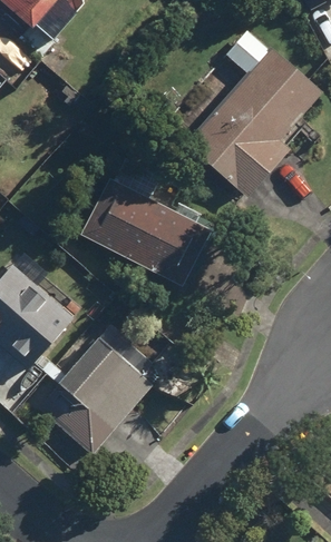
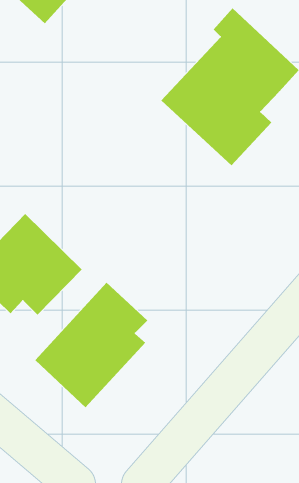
building: [76,152,211,292] -> none

